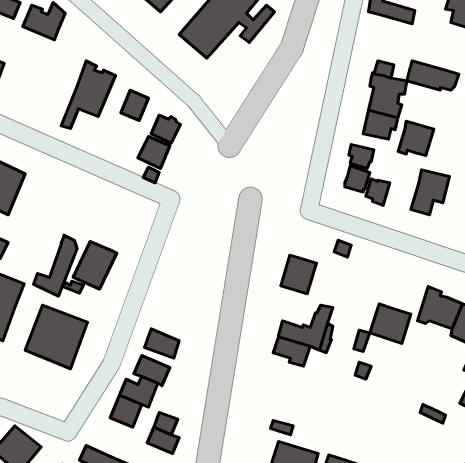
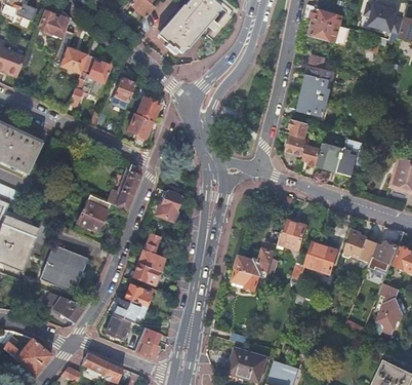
building: none -> [54,30,87,74]
building: [407,61,459,90] -> [310,18,349,41]
building: [398,121,434,156] -> [317,143,344,169]
building: [33,235,77,296] -> [107,163,140,210]
building: none -> [157,190,181,220]
building: [281,255,316,294] -> [279,220,306,249]
building: none -> [137,231,164,271]
building: none -> [54,296,86,323]

